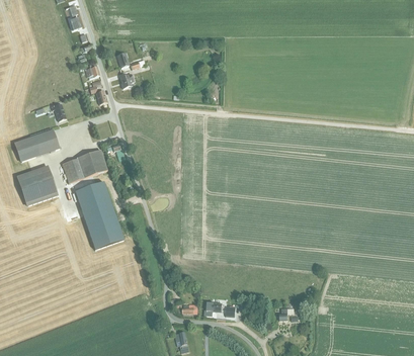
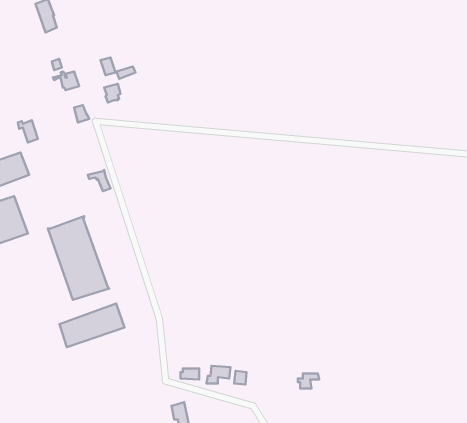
building: [61,149,107,182] -> none
building: none -> [59,303,124,347]

